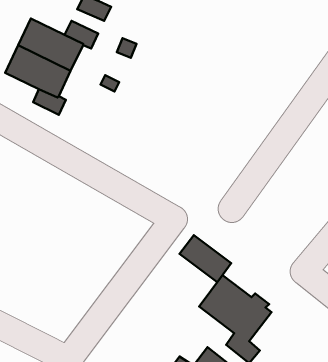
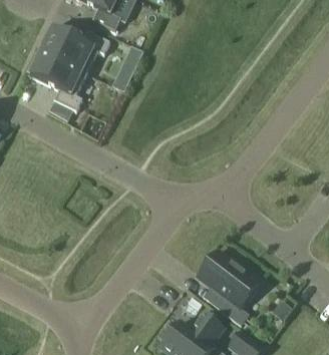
building: [179,235,231,282] -> none

